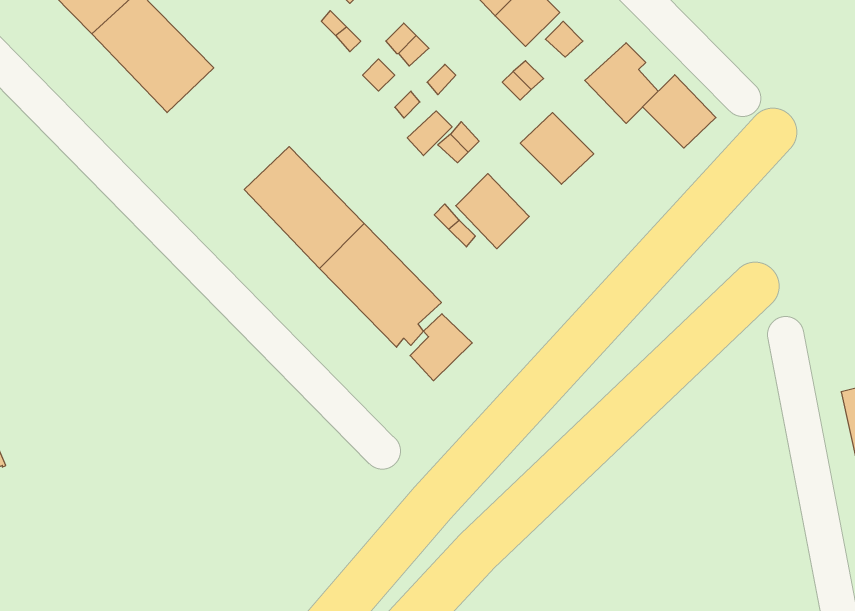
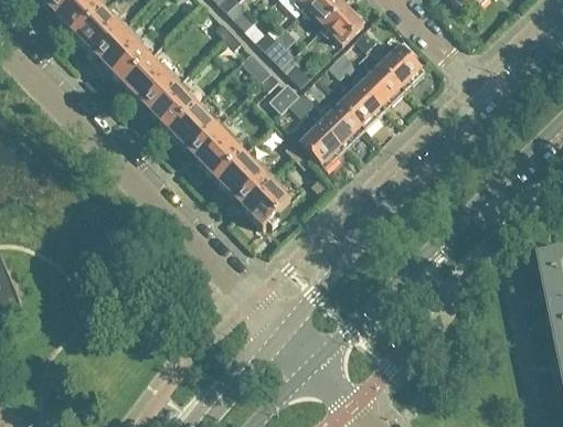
building: none -> [120,53,195,128]
building: [642,75,716,148] -> [358,61,403,106]
building: none -> [318,99,363,145]
building: [410,314,472,381] -> none

